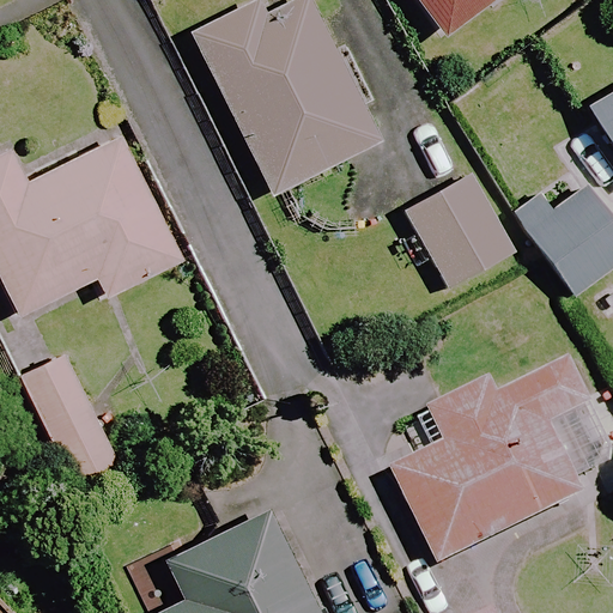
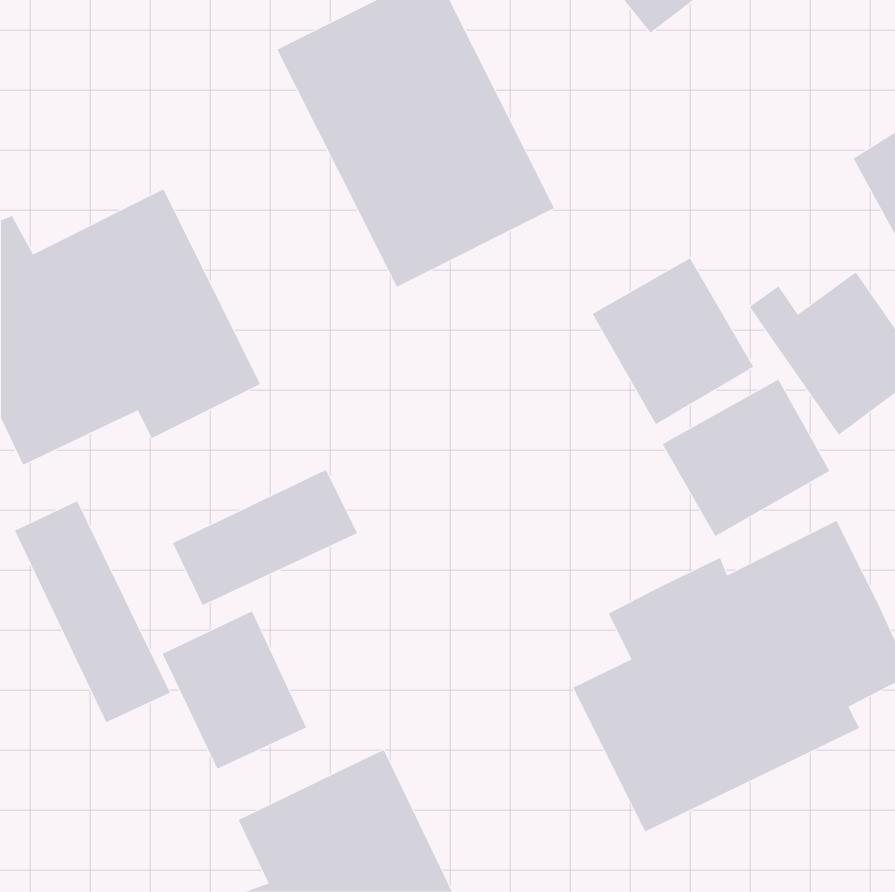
building: none -> [662,379,830,537]
building: none -> [172,469,358,606]
building: none -> [162,611,307,770]

